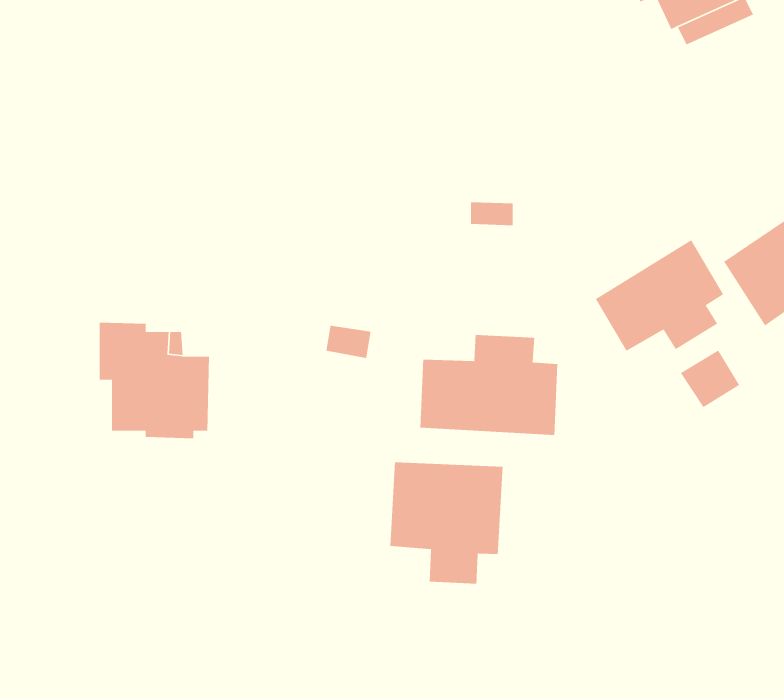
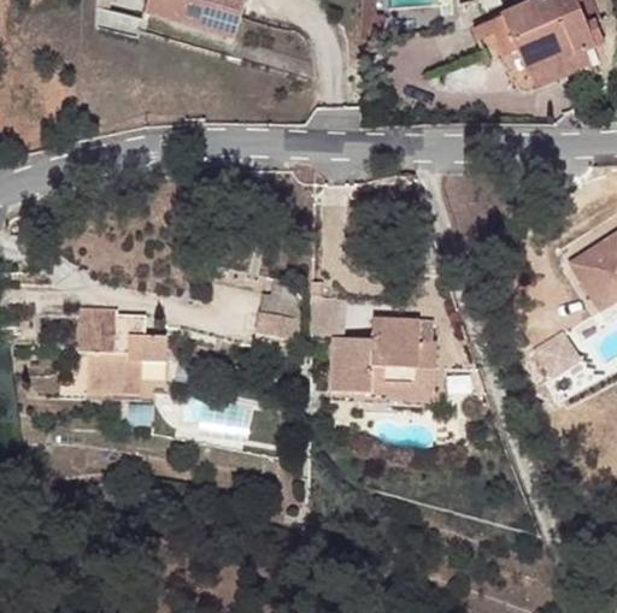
building: [595,239,724,352] -> none
building: [389,461,504,585] -> none

